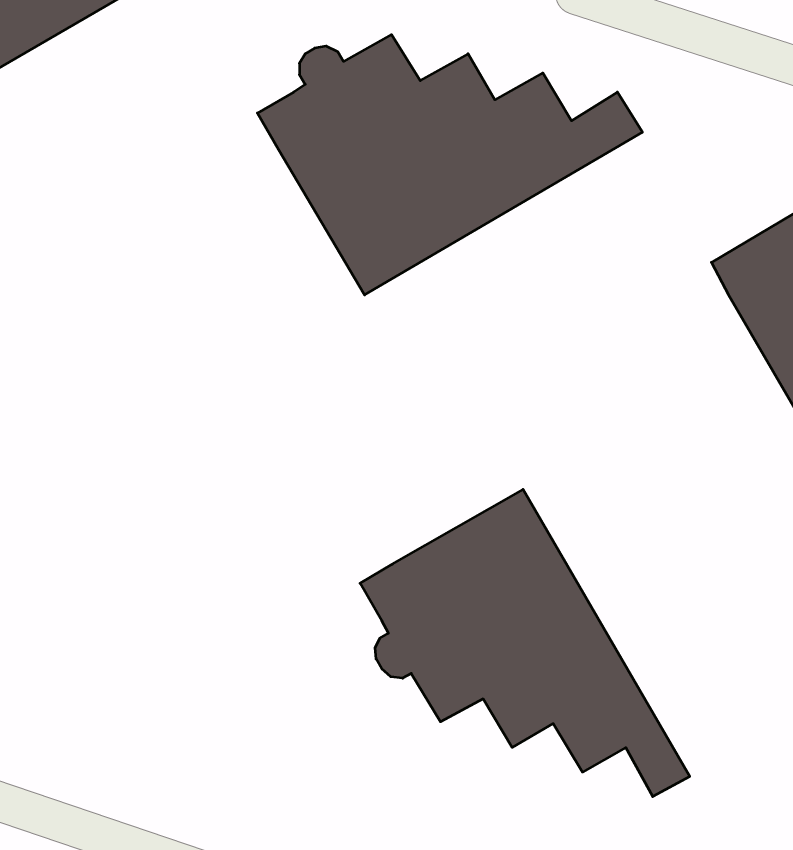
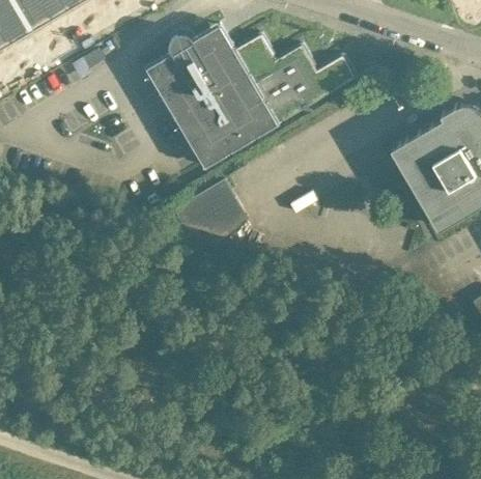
building: none -> [171,181,245,237]
building: [360,489,690,797] -> none

